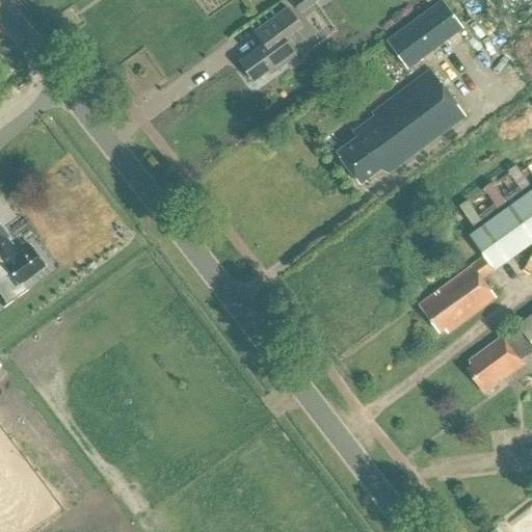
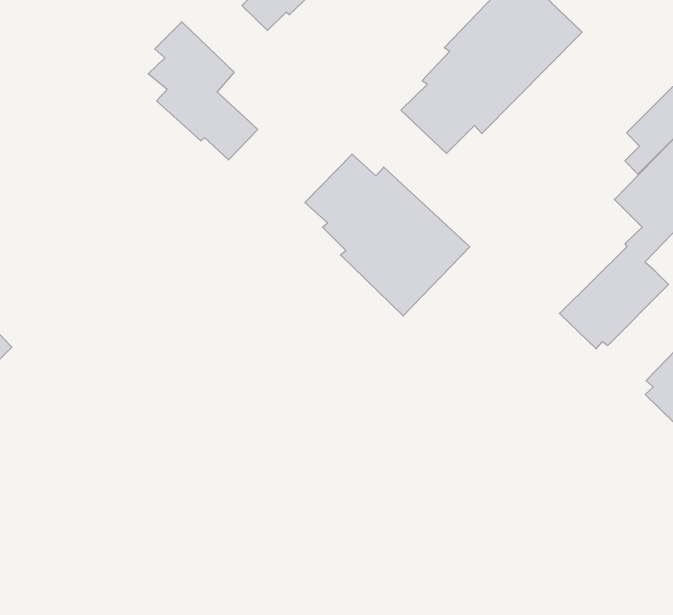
building: none -> [148,22,258,160]
building: none -> [305,154,470,316]

